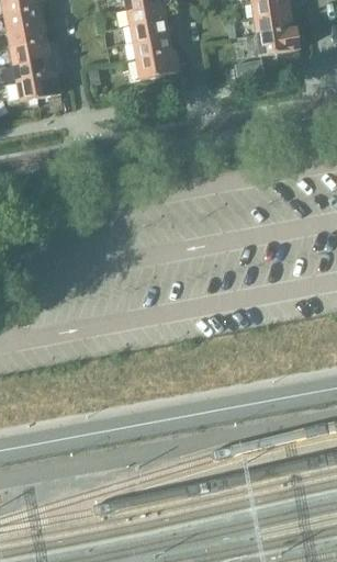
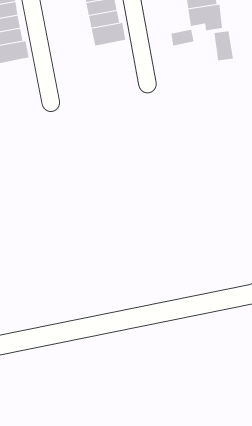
building: none -> [214,30,233,61]

